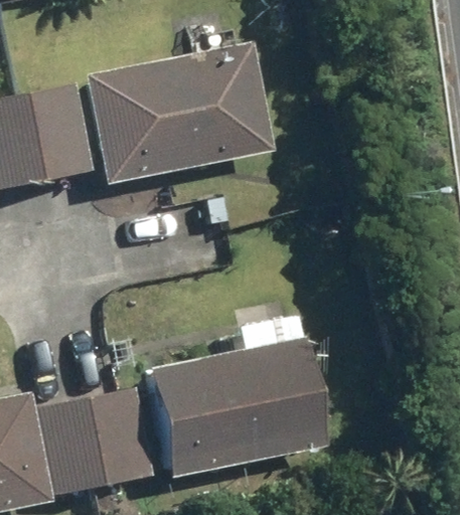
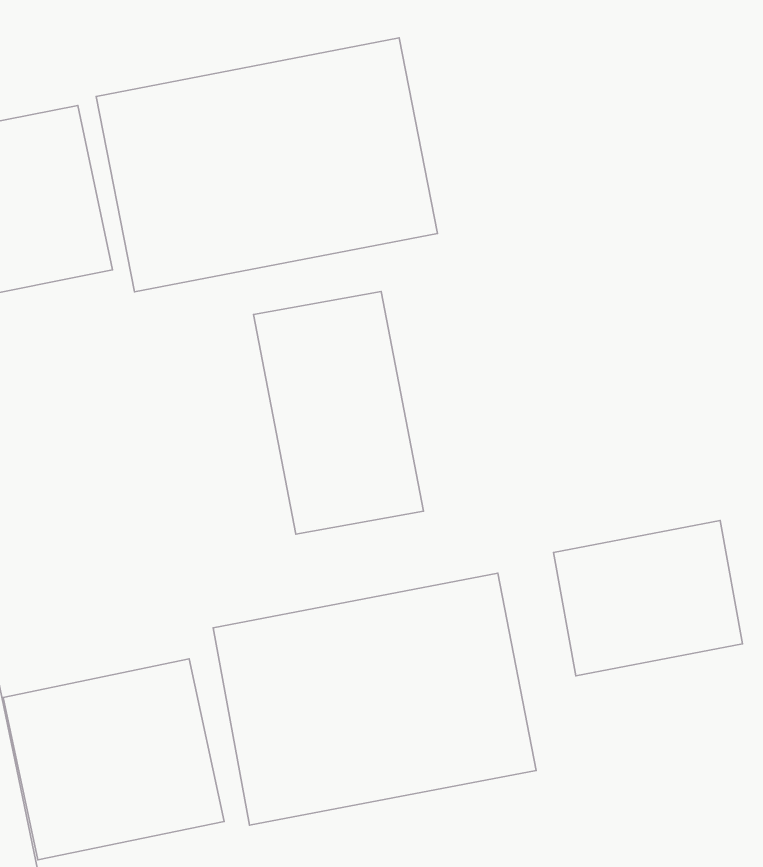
building: none -> [254,291,423,534]
building: none -> [554,521,743,676]

